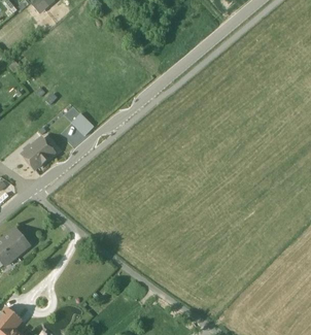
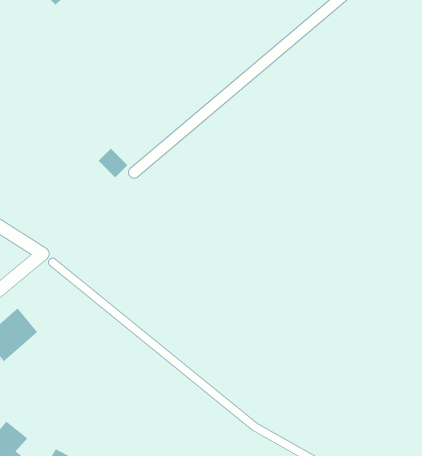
building: [22,137,54,168] -> none

